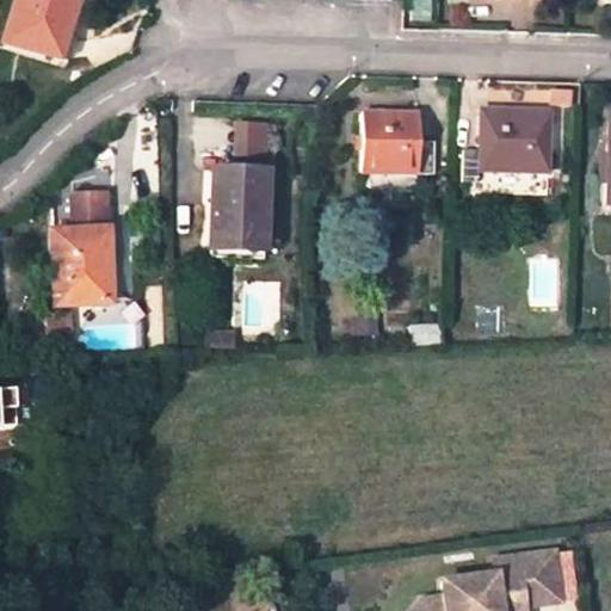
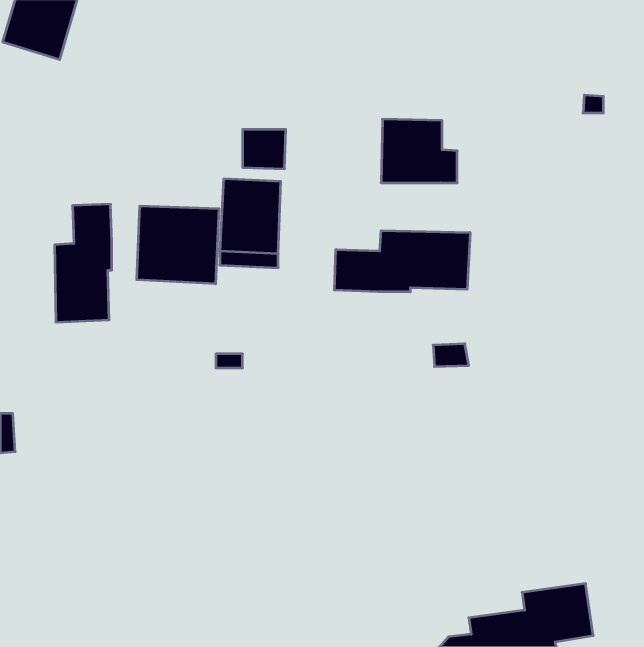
building: [464,109,550,185] -> none
building: none -> [137,206,219,284]
building: none -> [334,231,470,292]

